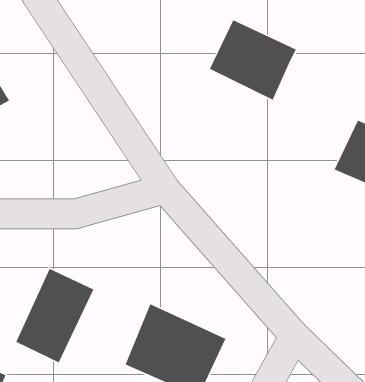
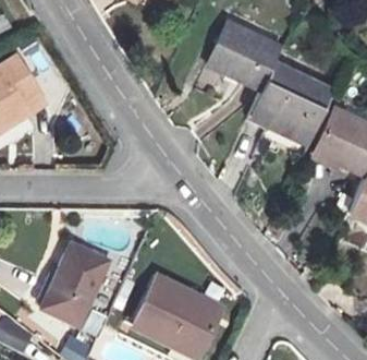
building: none -> [247,64,334,142]

